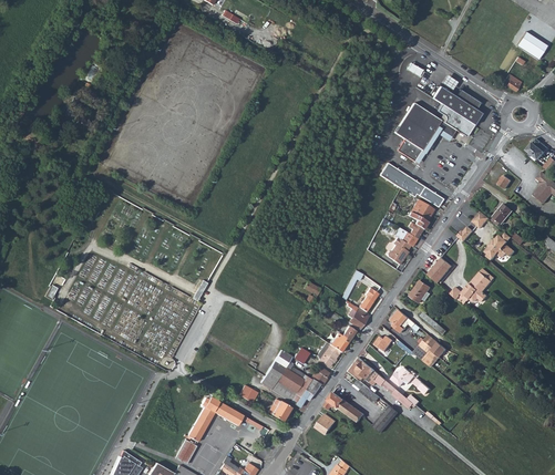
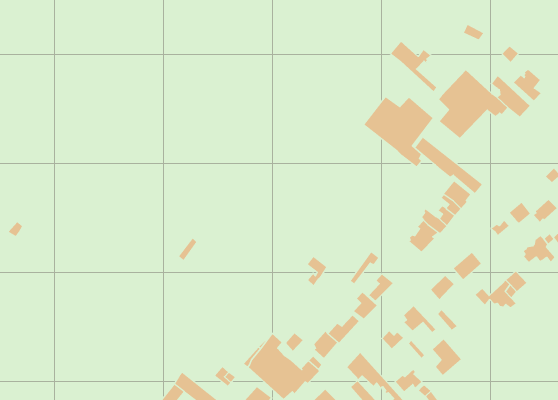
building: [433,85,477,125] -> [390,41,437,92]
building: none -> [364,96,433,167]

